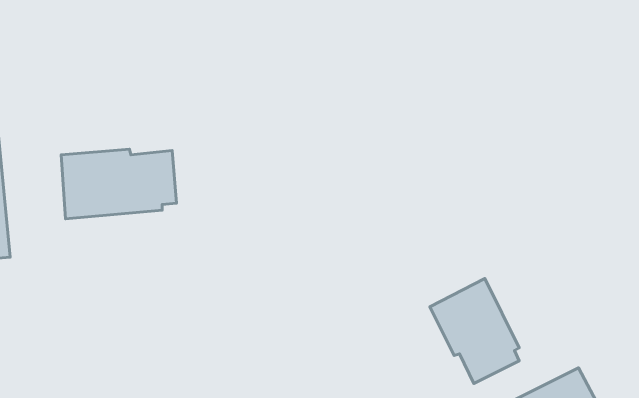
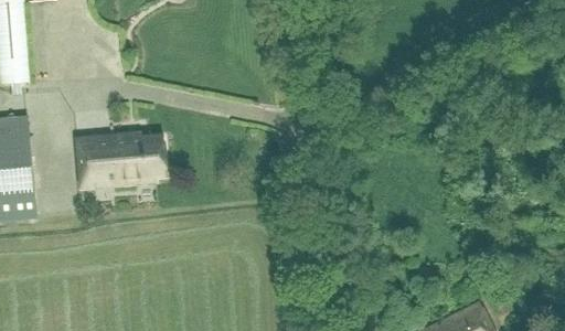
building: [430,278,519,384] -> none

